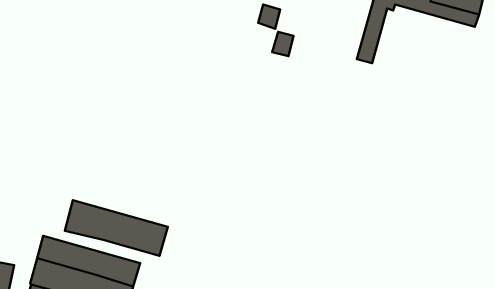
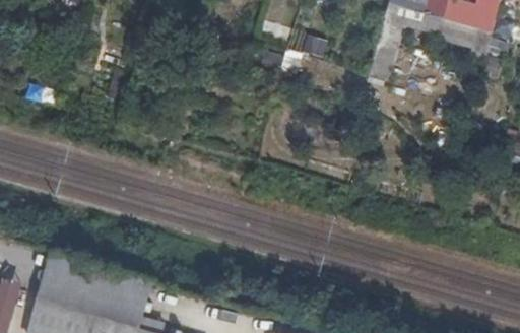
building: [65,200,168,256] -> none

